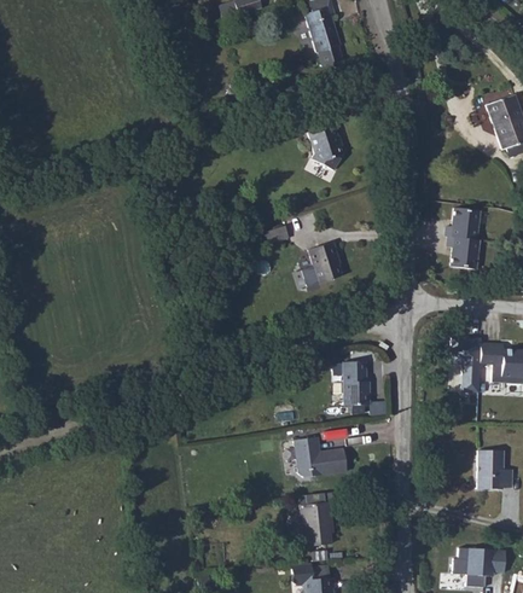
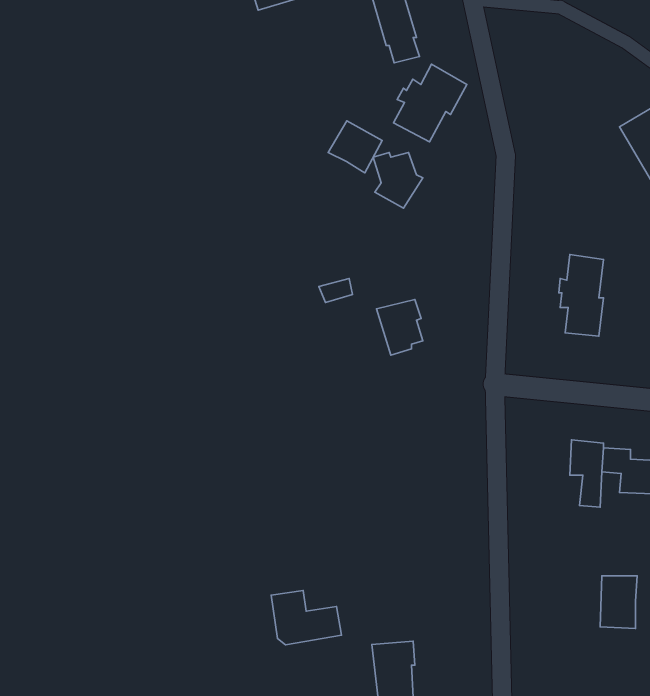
building: none -> [394,64,467,142]
building: none -> [328,121,382,173]
building: [344,364,374,408] -> none
building: [298,431,351,472] -> [271,591,341,645]

